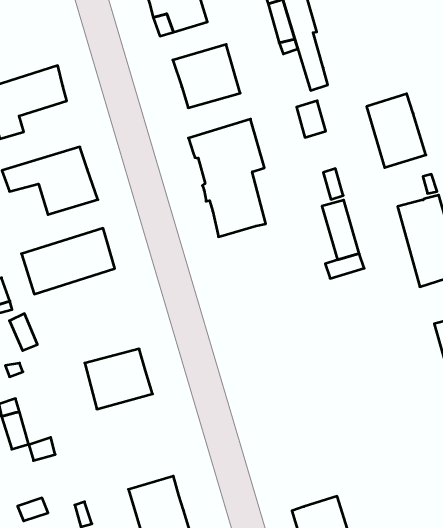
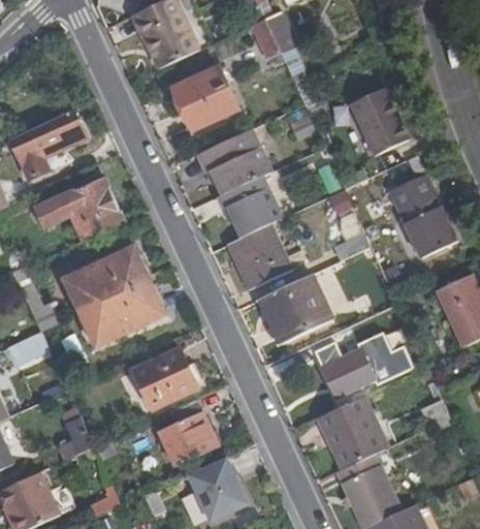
building: none -> [228,224,288,287]
building: none -> [79,280,162,345]
building: none -> [260,276,330,343]
building: none -> [315,337,411,397]
building: none -> [158,399,218,467]
building: none -> [320,394,392,467]

